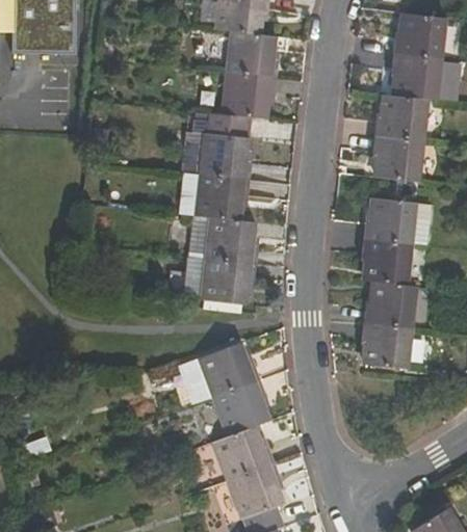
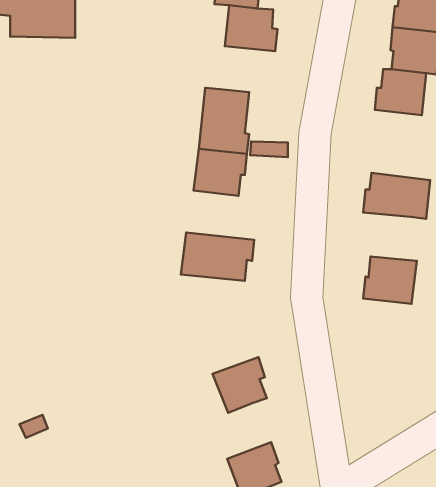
building: [222,72,277,119] -> none
building: [372,135,422,181] -> none
building: [188,215,258,264] -> none
building: [362,237,411,284] -> none
building: [361,322,412,369] -> none
building: [183,344,260,403] -> none
building: [213,426,273,481] -> none

